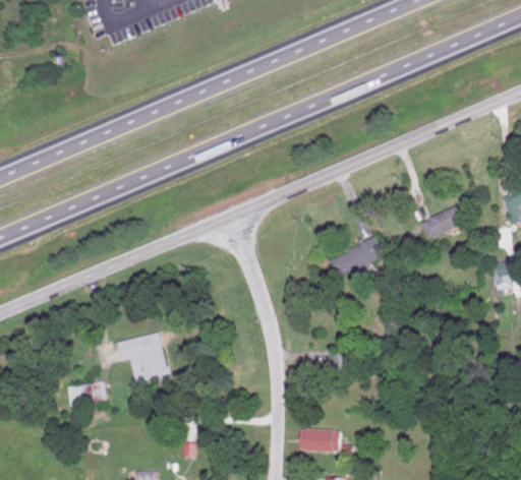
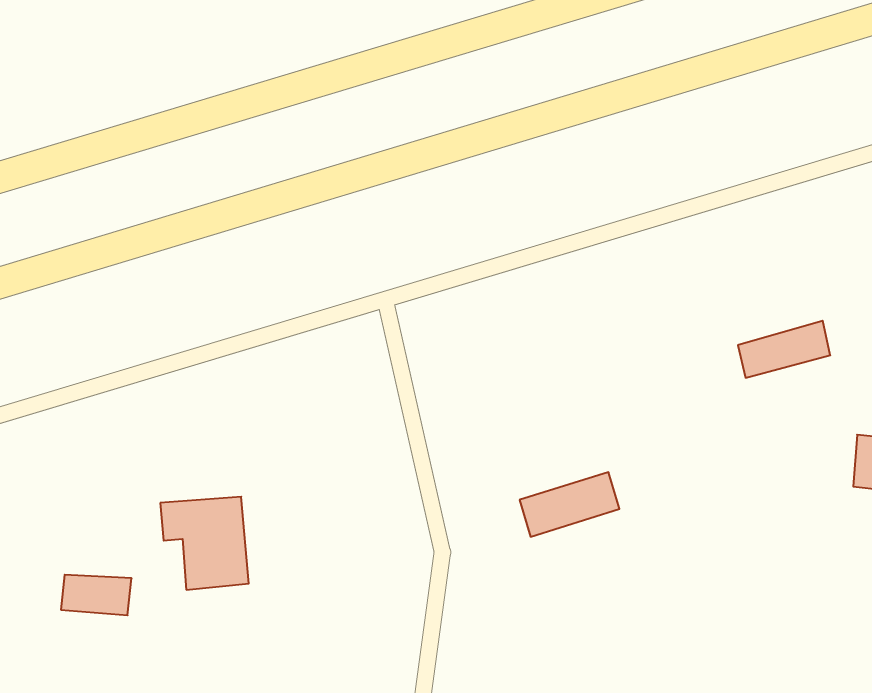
building: [331,237,386,277] -> [520,472,619,537]

